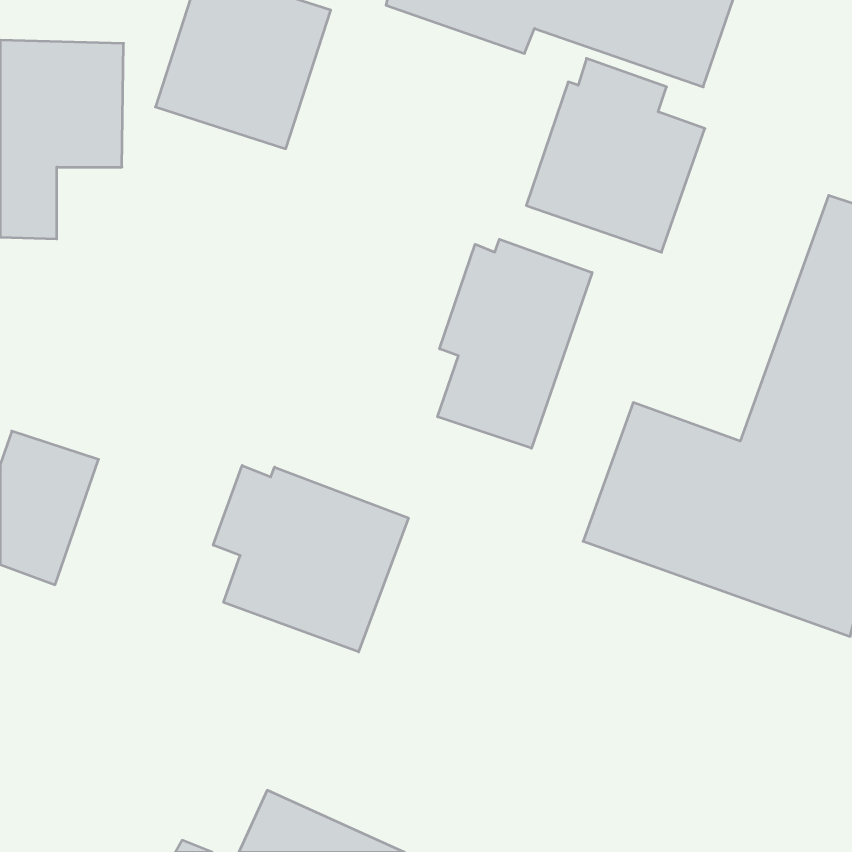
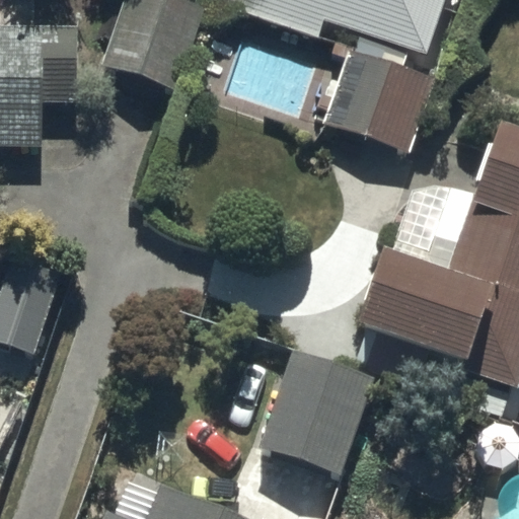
building: [438,239,592,448] -> none
building: [213,465,408,652] -> none
building: none -> [255,347,375,473]

